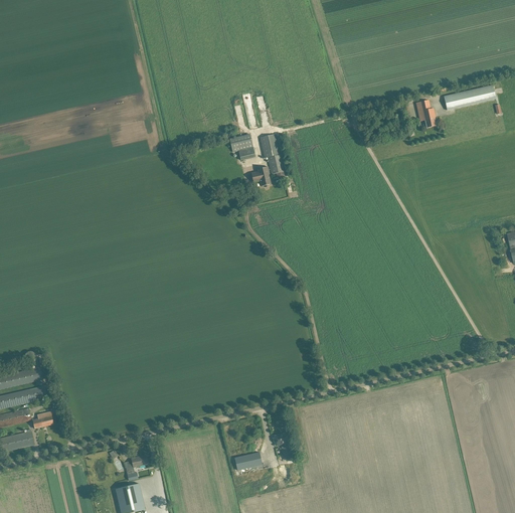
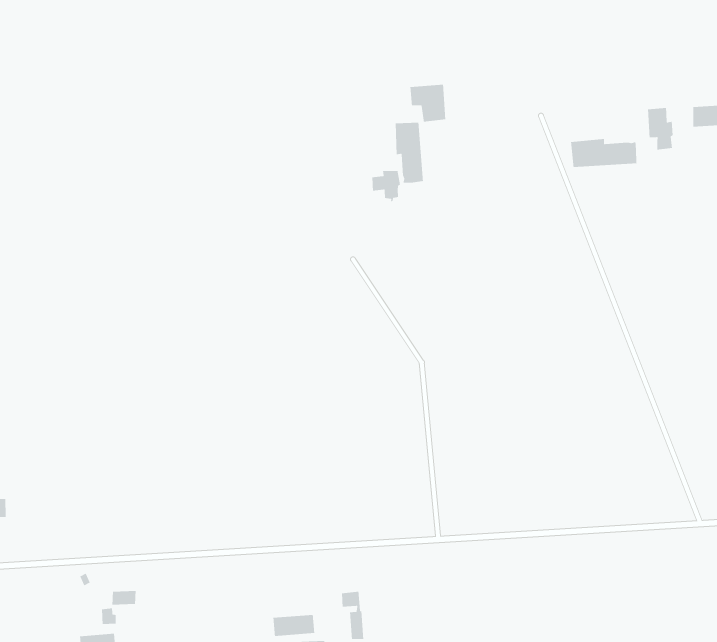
building: none -> [570,138,638,168]
building: [227,134,253,160] -> [410,84,446,123]

